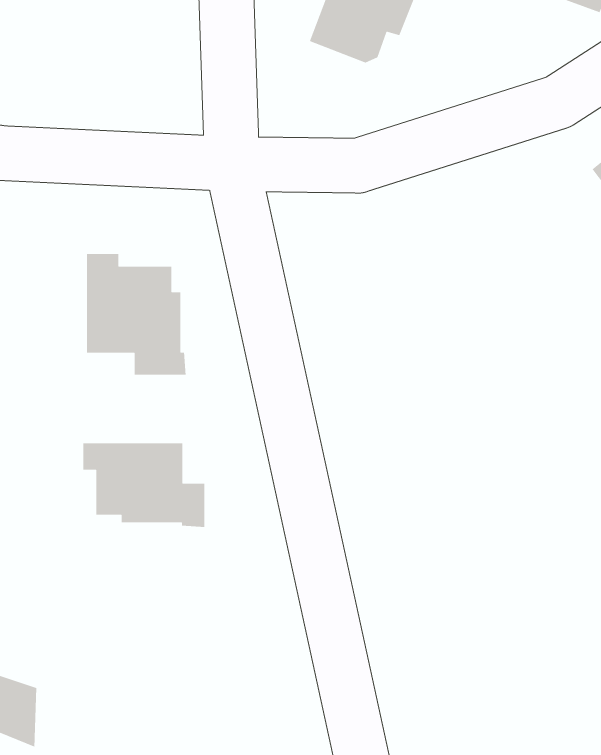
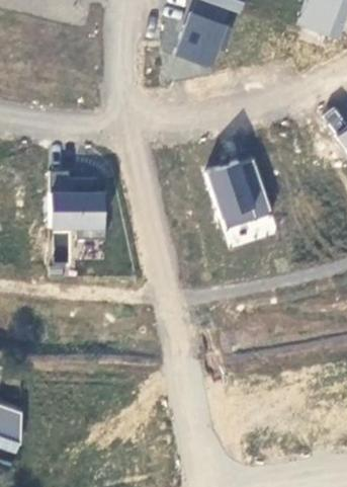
building: none -> [206,157,273,229]
building: [83,442,205,528] -> none

